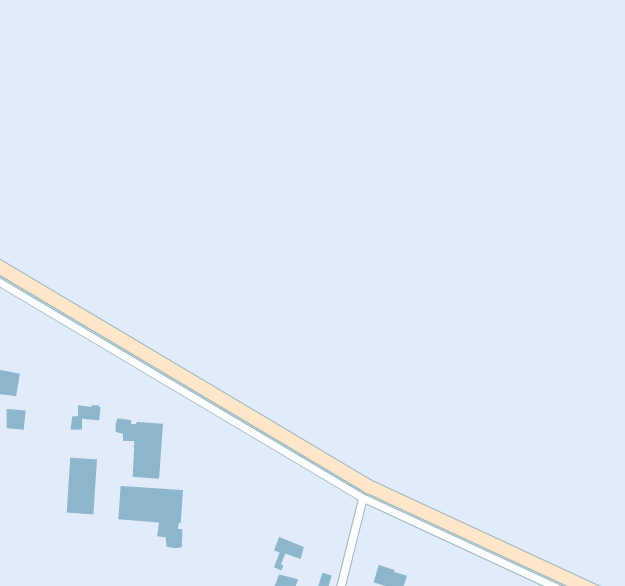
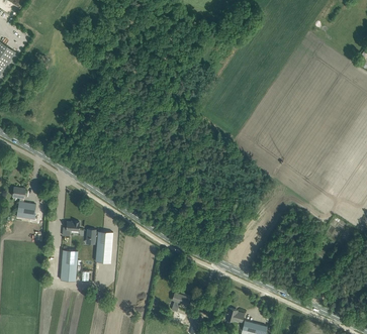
building: [118,485,184,549] -> none

